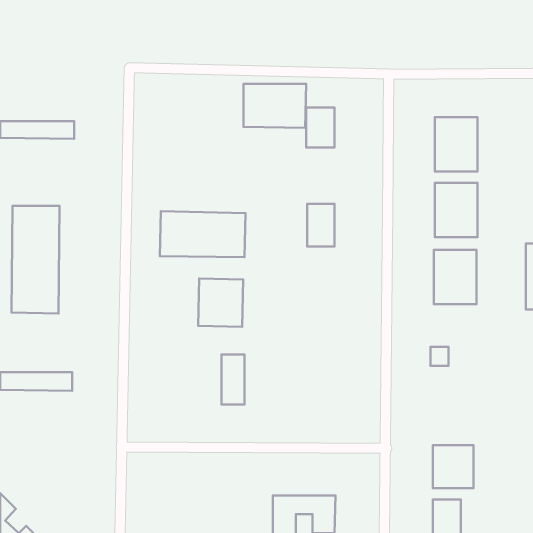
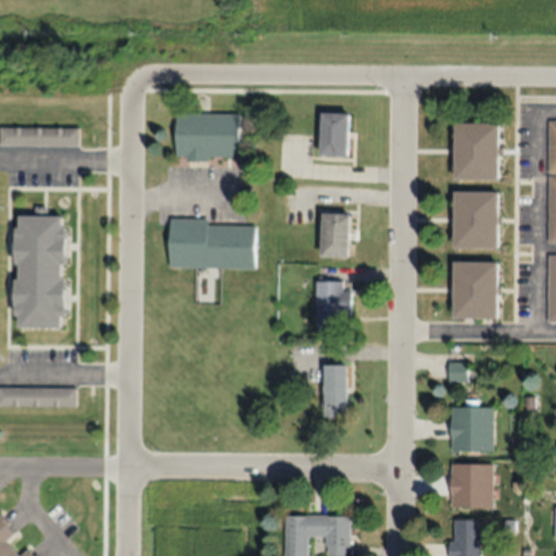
building: [244,84,306,128] -> [175,113,240,159]
building: none -> [316,280,352,326]
building: [198,279,243,327] -> none
building: [222,354,245,405] -> [323,365,346,417]
building: none -> [451,407,494,451]

